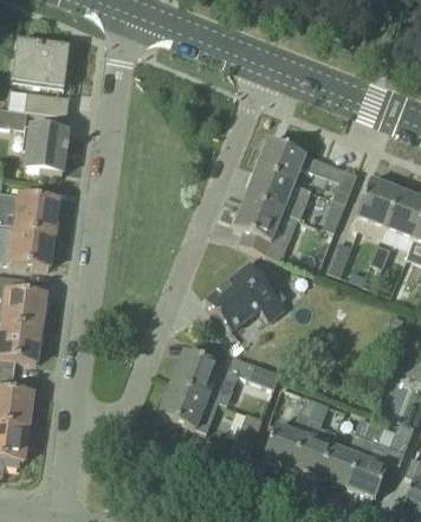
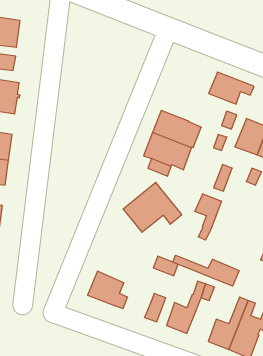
building: [257,138,317,181] -> [209,72,254,104]
building: none -> [195,194,222,240]
building: [171,350,238,400] -> none
building: none -> [173,255,239,286]
building: [291,434,330,475] -> none

